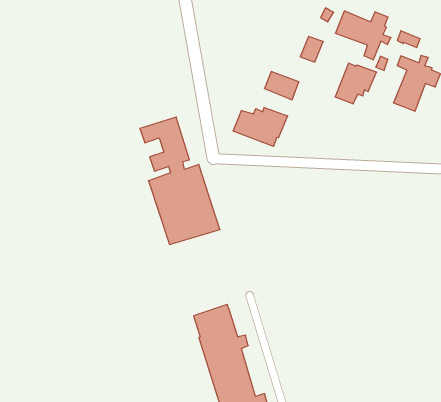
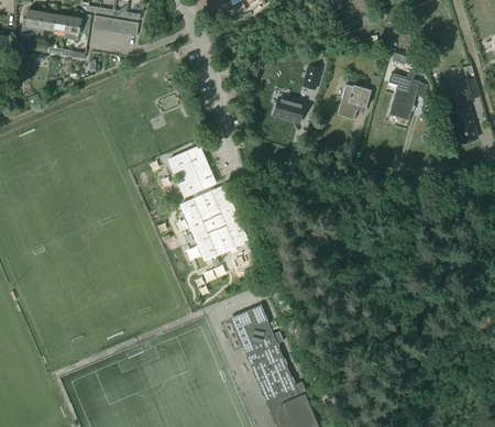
building: [336,11,391,60] -> none
building: [233,107,288,146] -> none

